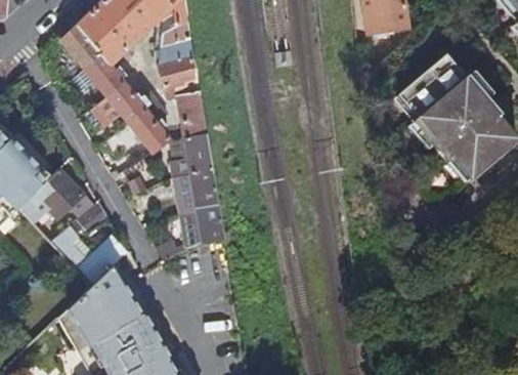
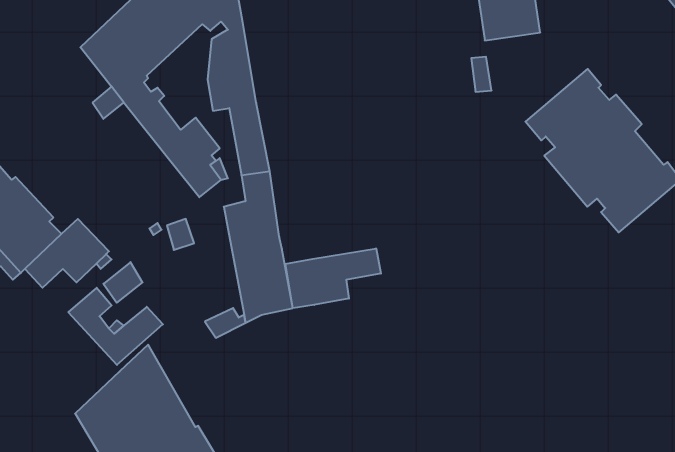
building: none -> [285,248,381,308]

